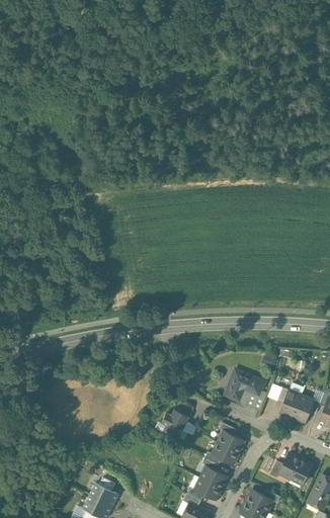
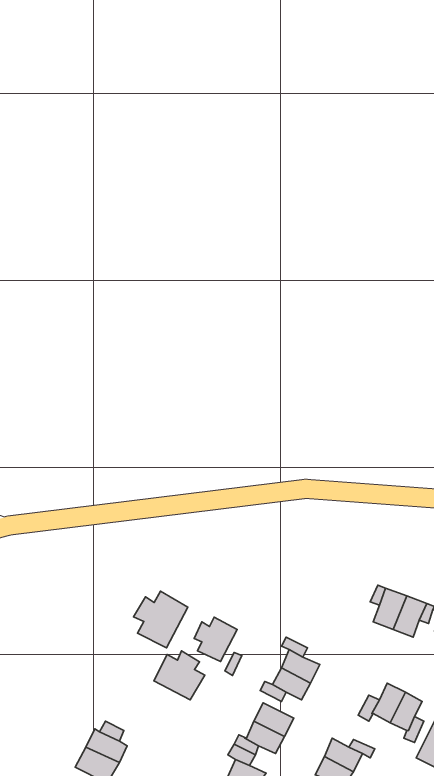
building: [224,370,266,405] -> none
building: none -> [134,591,188,648]
building: none -> [154,651,205,700]

